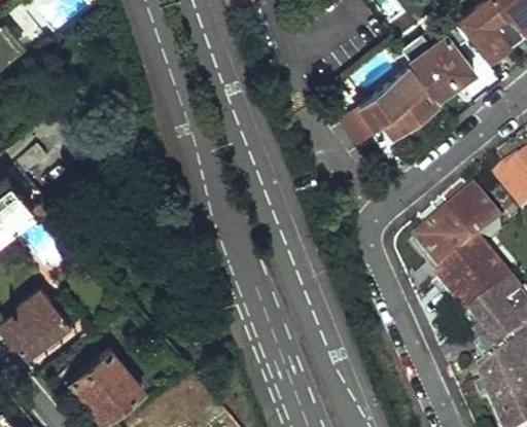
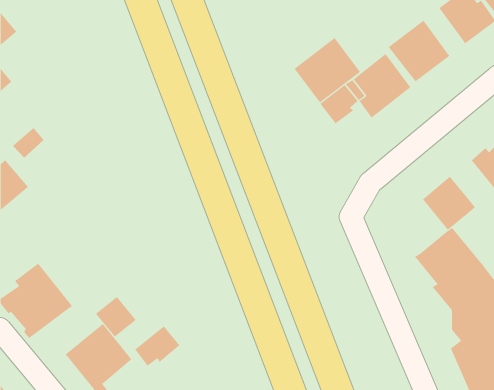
building: none -> [294,37,361,103]
building: [417,221,473,278] -> none
building: none -> [95,296,137,338]
building: none -> [135,325,180,366]

